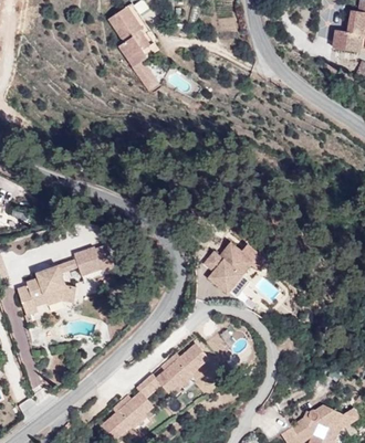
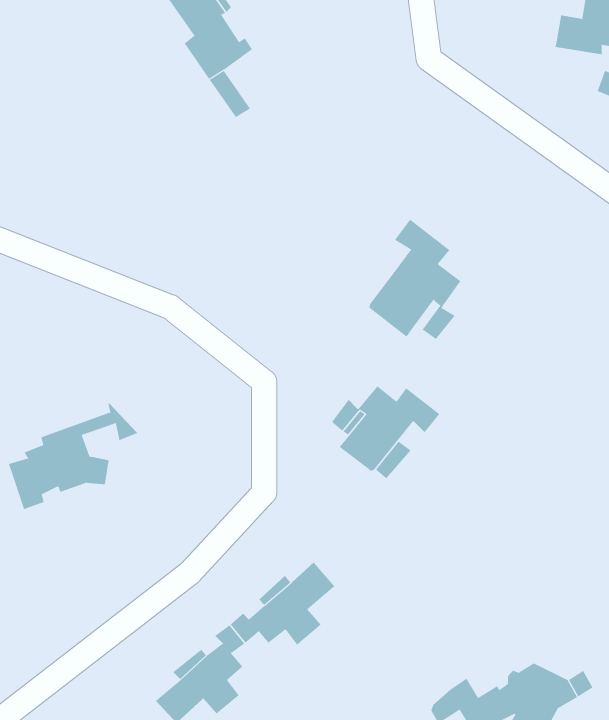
building: none -> [369,219,461,340]
building: [74,245,113,272] -> none

